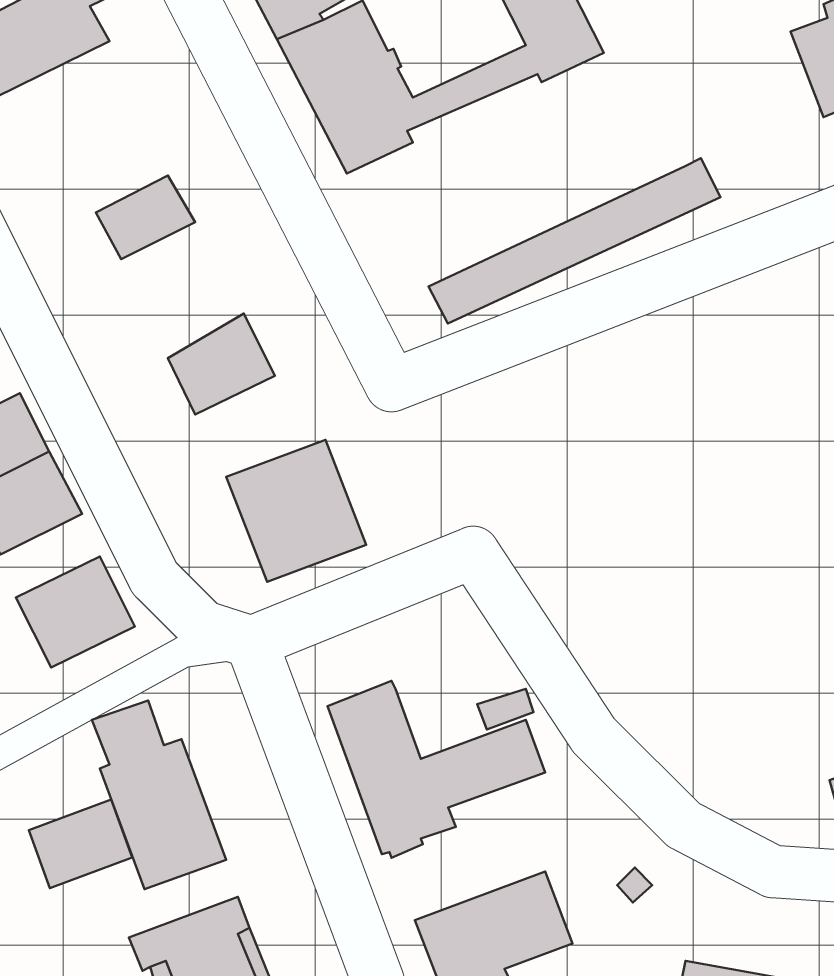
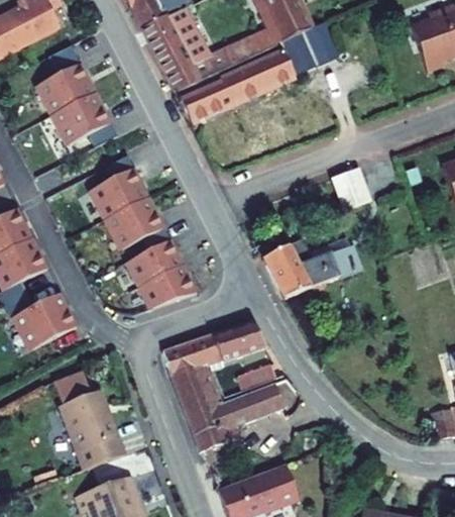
building: none -> [35,68,90,112]
building: [428,158,720,324] -> [184,30,335,116]
building: none -> [336,164,377,208]
building: none -> [105,202,162,251]
building: none -> [262,235,361,299]
building: none -> [164,322,266,374]
building: [29,800,132,888] -> none

